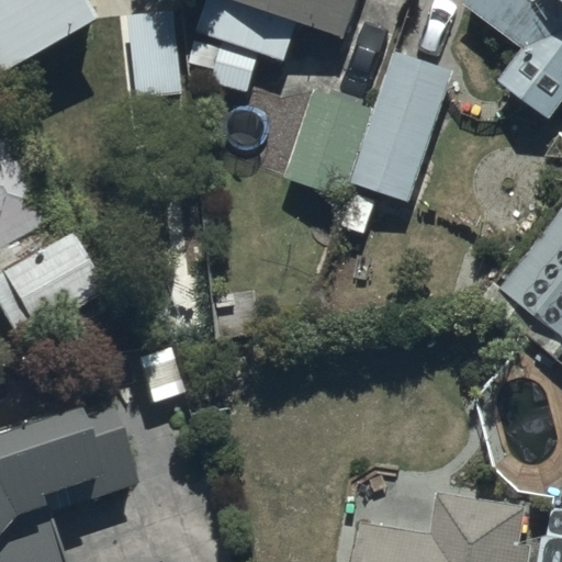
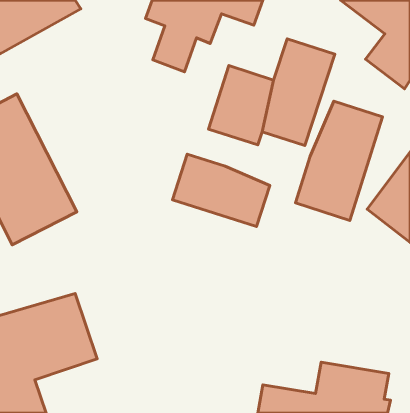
building: none -> [296,101,383,220]
building: none -> [173,154,270,227]

